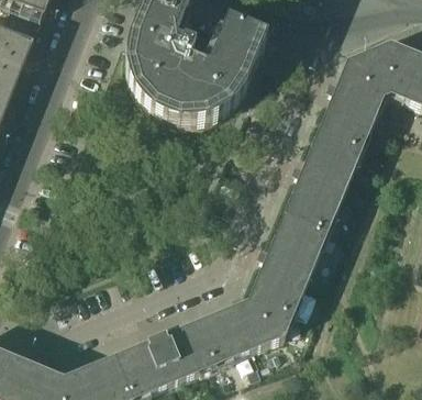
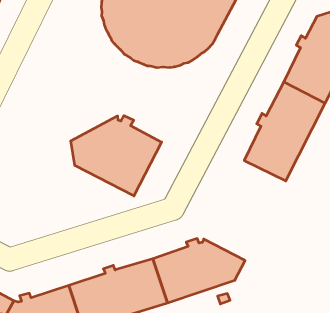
building: none -> [71,116,162,196]
building: [251,211,330,313] -> none

